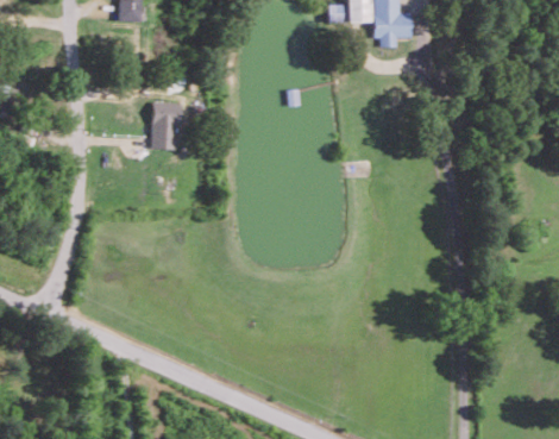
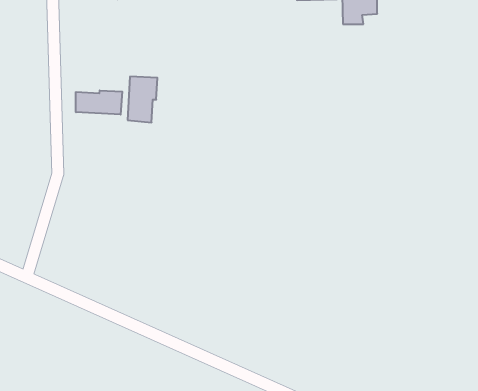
building: none -> [76,90,122,115]

